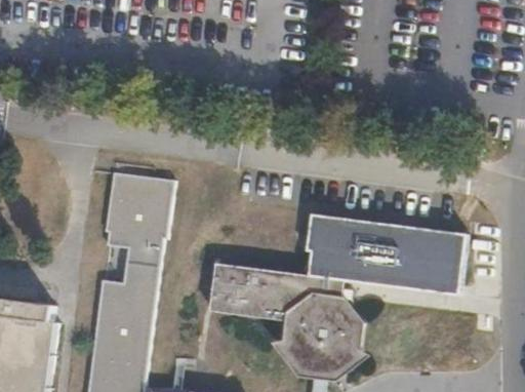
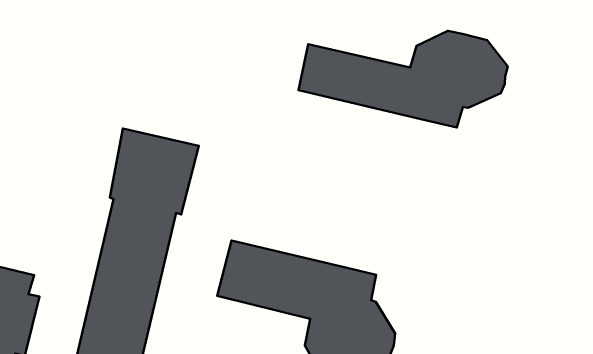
building: none -> [299,31,508,128]
building: [308,219,469,292] -> none

